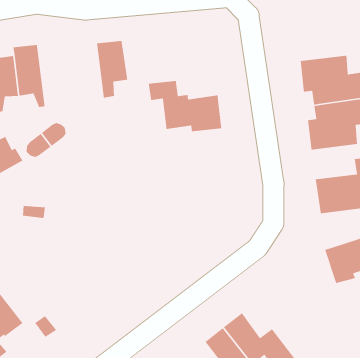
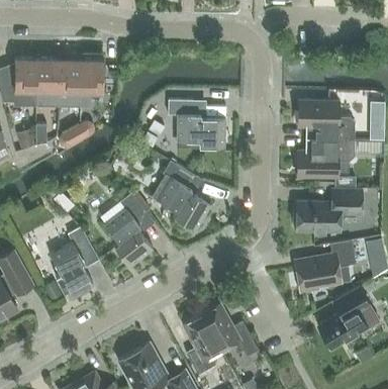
building: [96,40,128,98] -> [80,59,103,106]
building: none -> [153,160,212,229]
building: none -> [106,192,154,266]
building: none -> [51,226,94,299]

